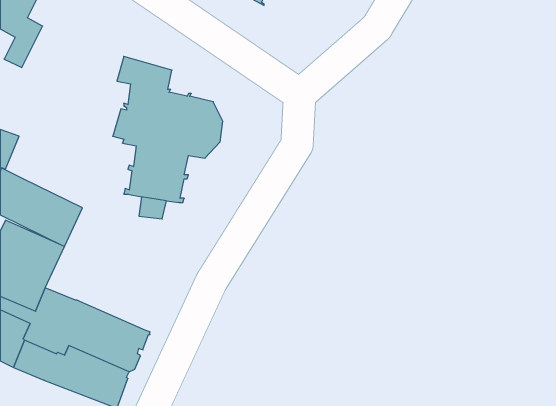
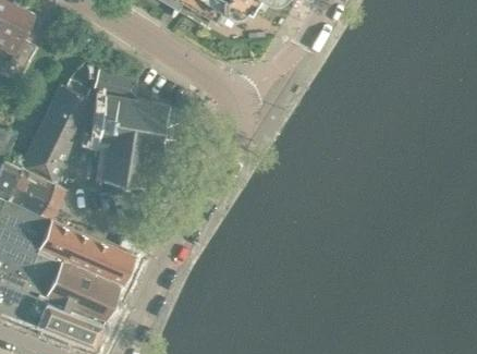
building: none -> [19,60,94,184]
building: none -> [36,220,135,286]

